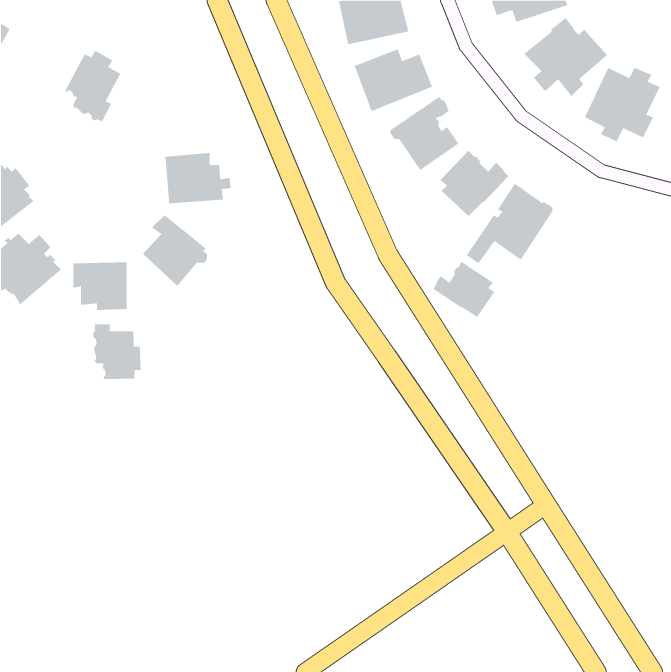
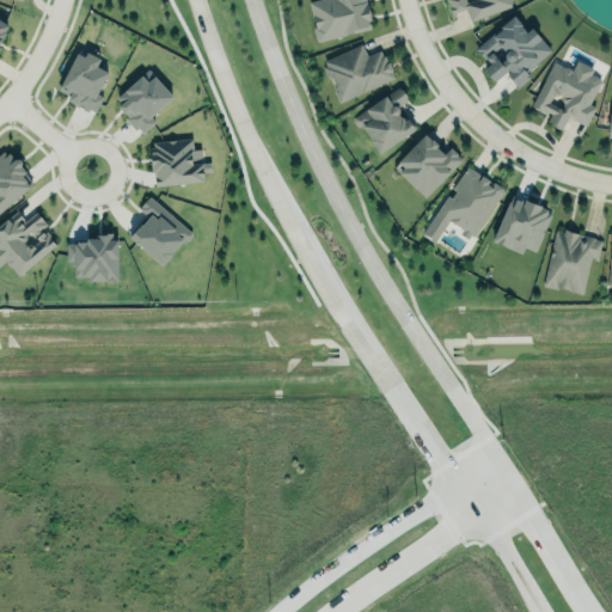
building: none -> [112,75,173,134]
building: none -> [494,196,552,253]
building: none -> [541,224,602,292]
building: [433,261,495,318] -> none
building: [92,323,141,380] -> none

